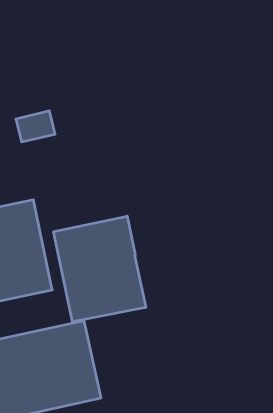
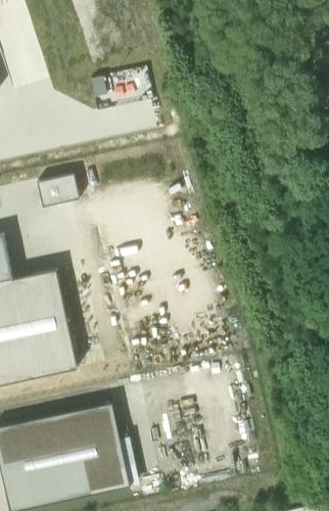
building: [54,216,146,322] -> none

